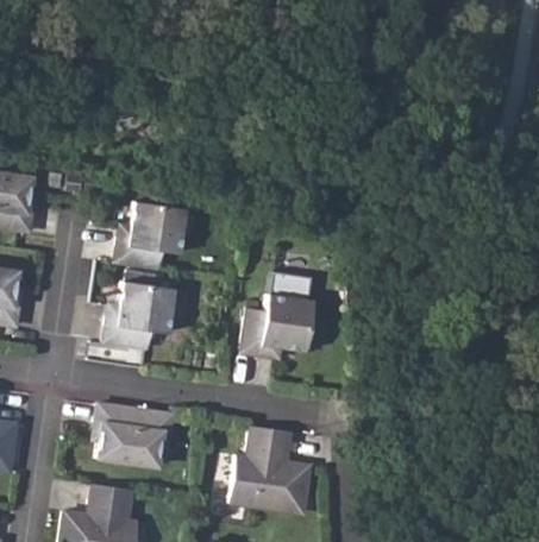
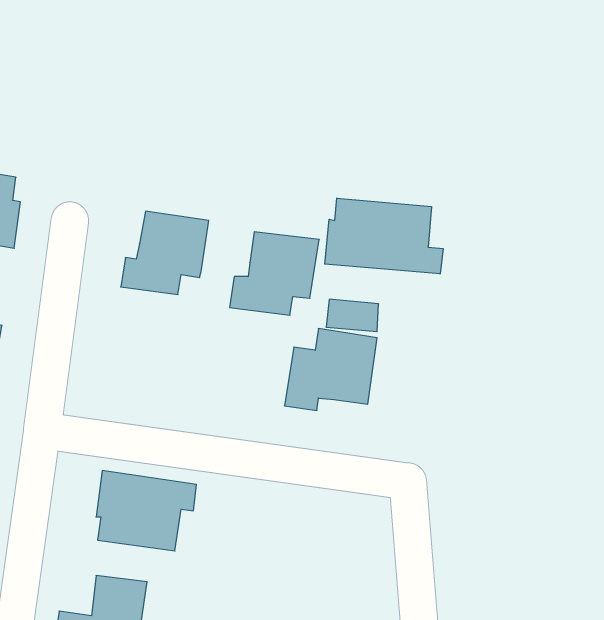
building: none -> [325,198,443,274]
building: [102,281,171,345] -> [230,232,319,315]
building: [231,426,312,512] -> none

